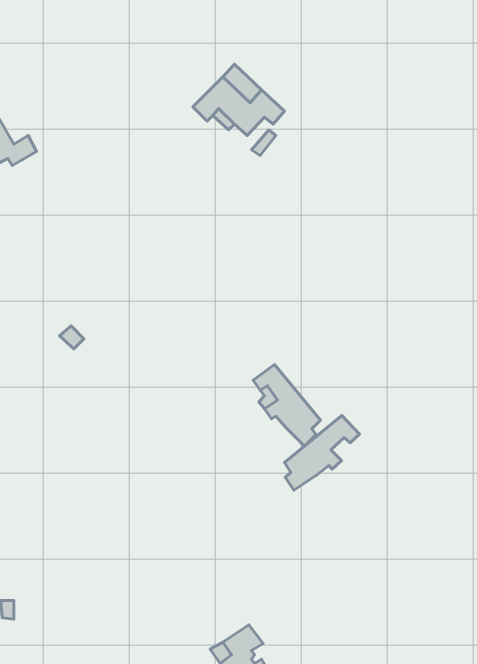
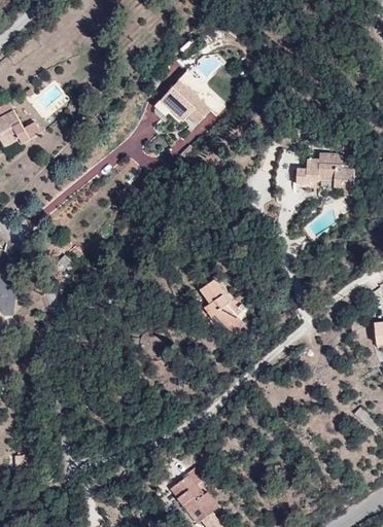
building: none -> [297,149,353,184]
building: [284,415,359,490] -> none

